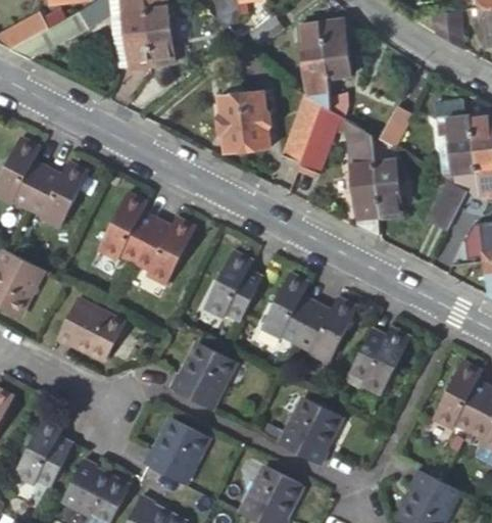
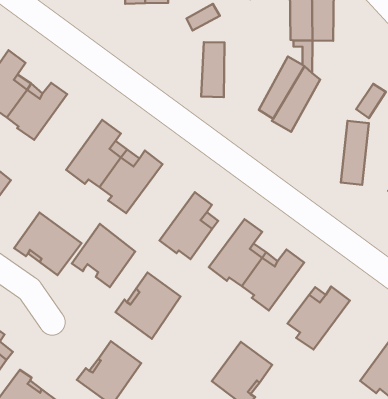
building: [239,64,272,150] -> none
building: [356,125,381,236] -> none
building: none -> [72,224,135,287]

